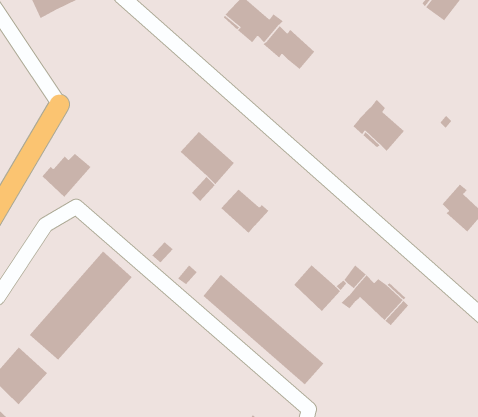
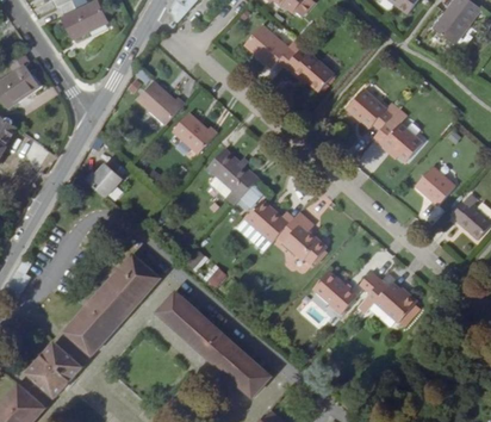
building: none -> [133,76,181,122]
building: none -> [338,91,385,132]
building: none -> [168,107,213,150]
building: none -> [411,165,450,204]
building: none -> [274,210,323,262]
building: [203,274,324,385] -> [157,294,271,398]

